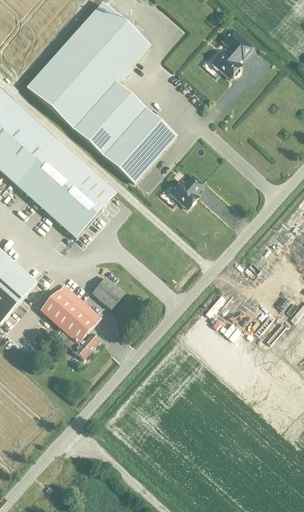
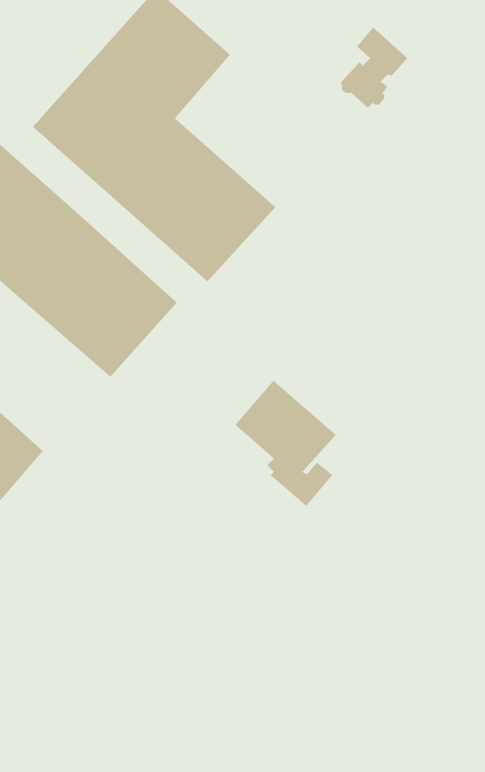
building: [171,173,203,206] -> none
building: [93,276,124,307] -> none
building: [41,282,102,358] -> [235,380,337,507]

